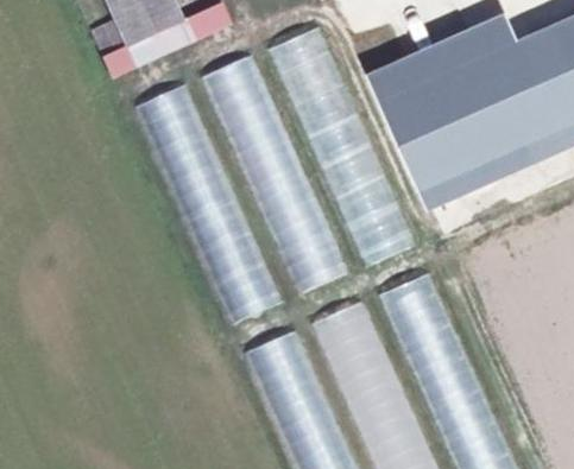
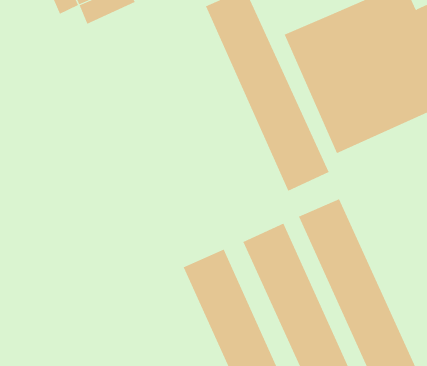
building: [202,51,348,290] -> none
building: [134,84,280,323] -> none

